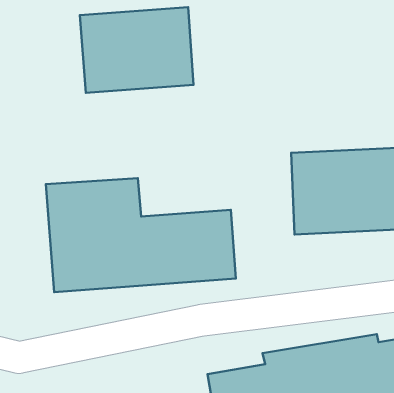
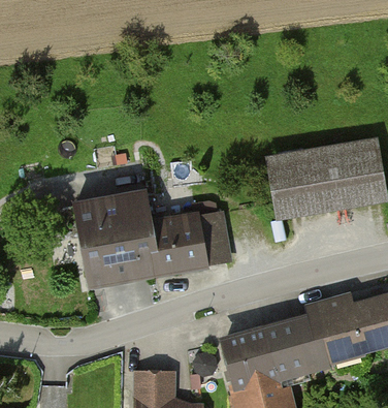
building: [80,7,193,93] -> none

